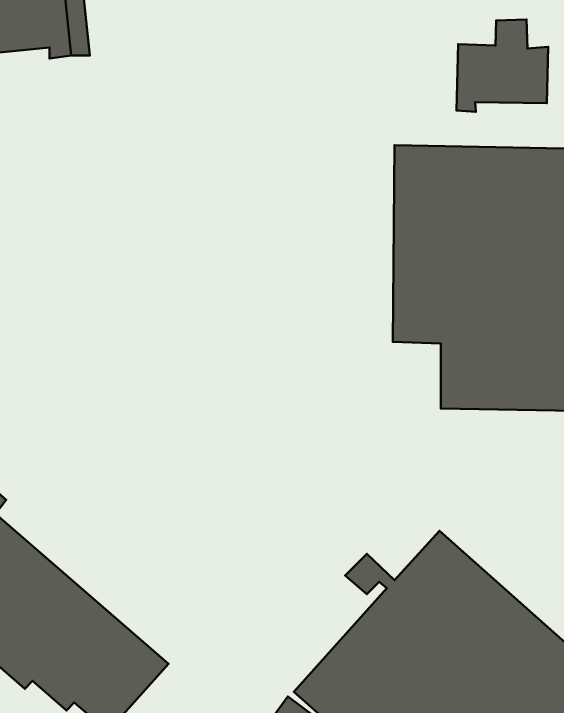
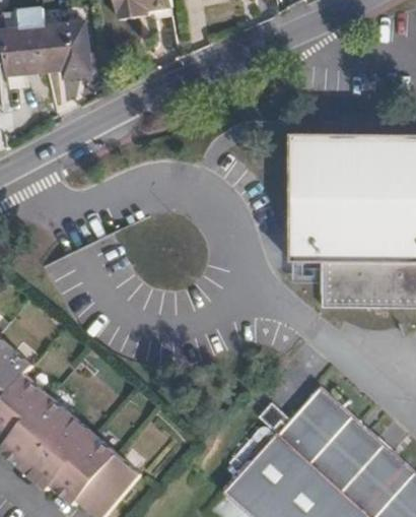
building: [456,19,548,112] -> none

